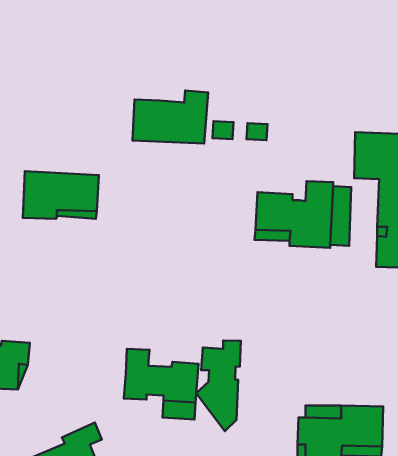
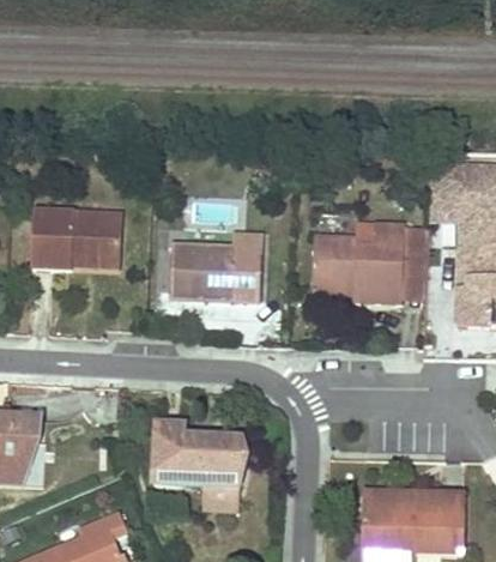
building: [132,90,208,143] -> [171,232,262,296]
building: [196,341,241,431] -> none

